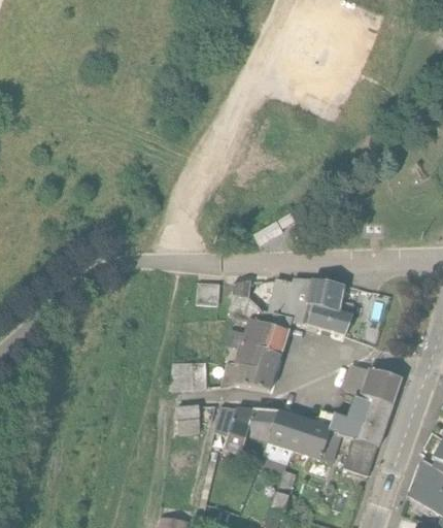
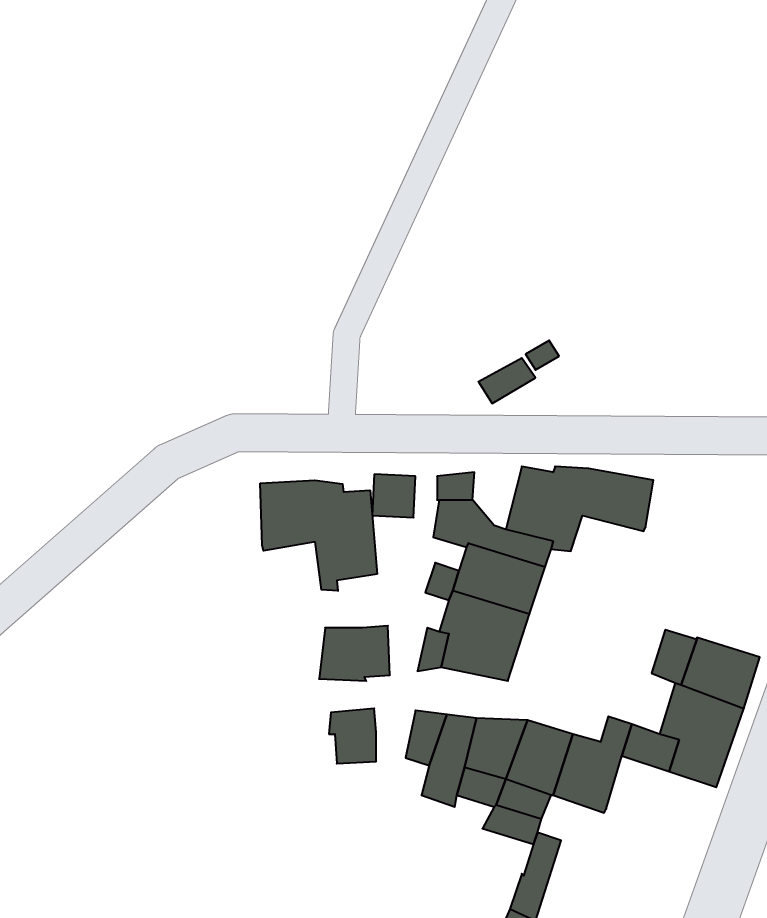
building: none -> [260,480,377,591]
building: [302,303,352,333] -> none
building: [320,429,378,467] -> none

